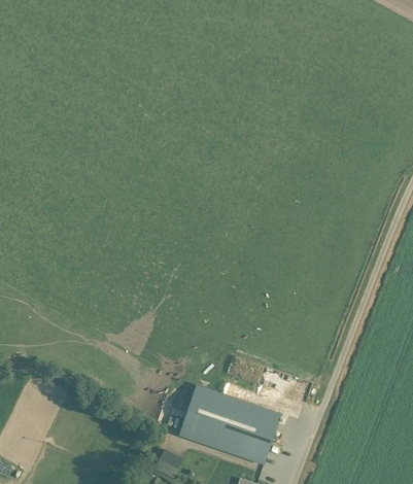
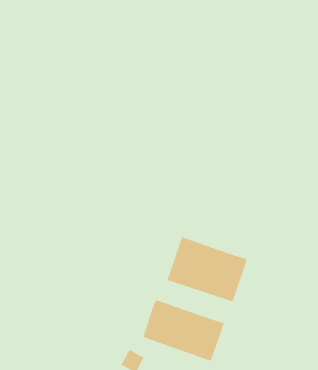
building: none -> [167,237,247,302]

